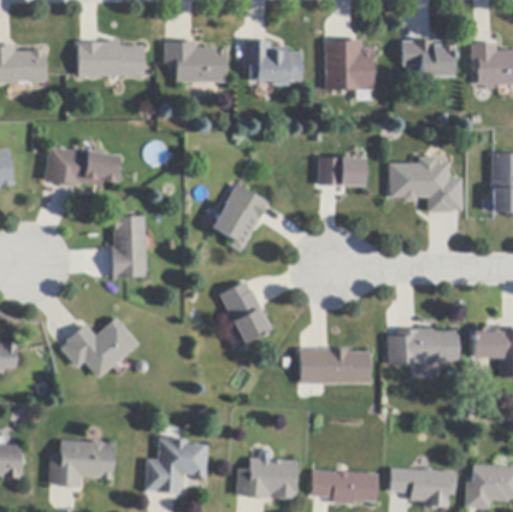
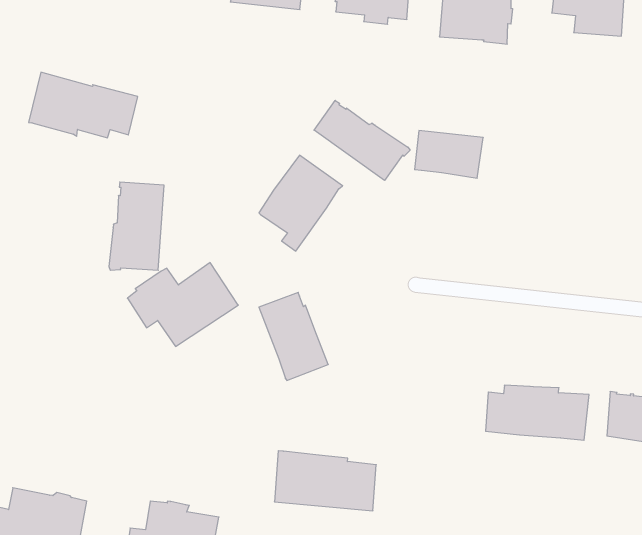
building: none -> [314,100,410,180]
building: [389,155,462,212] -> none
building: [60,317,138,378] -> [127,263,238,346]
building: [299,348,370,384] -> [274,451,376,511]

